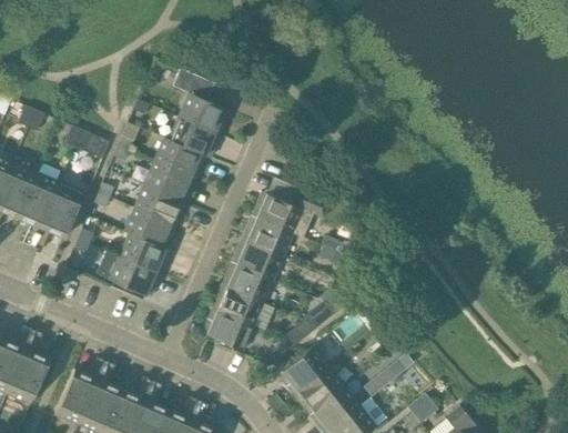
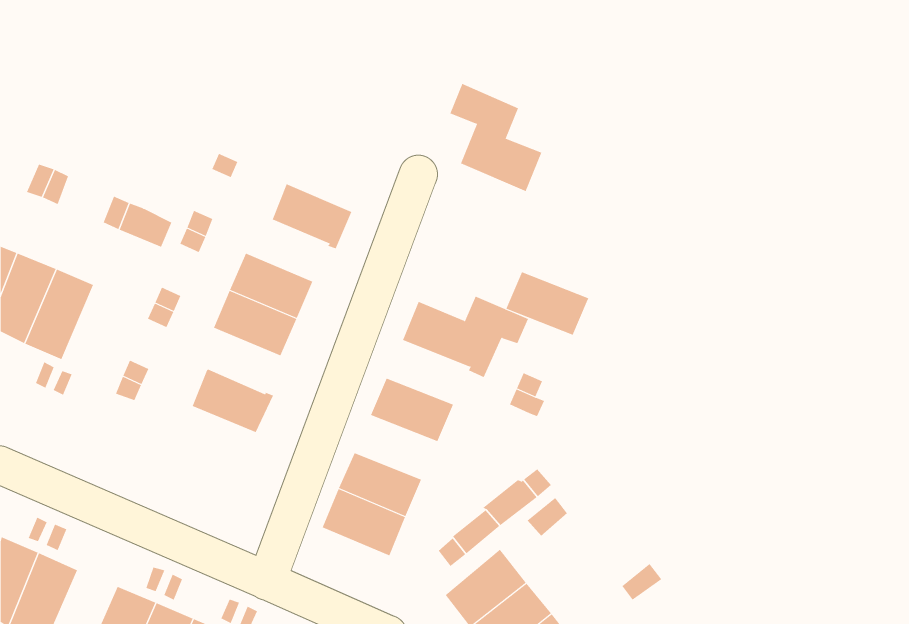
building: [172,68,230,135] -> [449,83,542,192]
building: [153,137,205,179] -> none
building: [39,181,82,238] -> none
building: [123,208,175,249] -> none
building: [241,215,293,255] -> [506,271,589,336]
building: [95,250,160,298] -> none
building: [221,262,273,302] -> none

